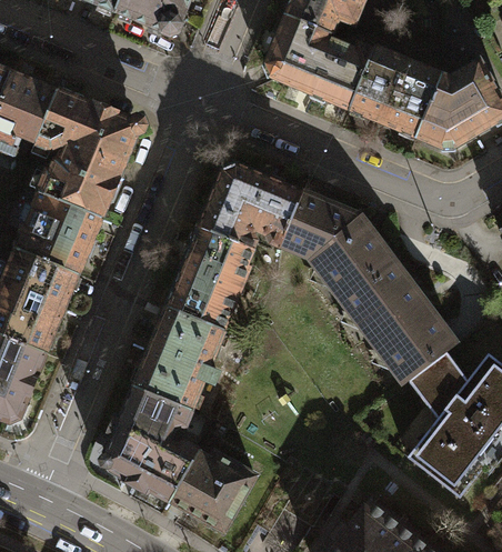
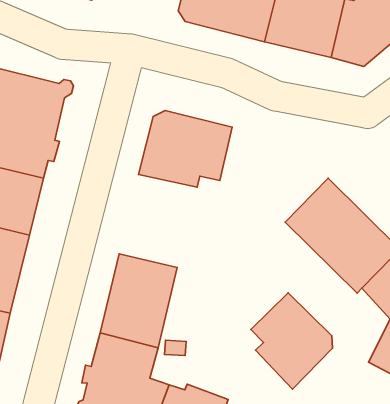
building: [281,192,393,299] -> none
building: [165,227,257,329] -> none
building: none -> [251,293,332,389]

